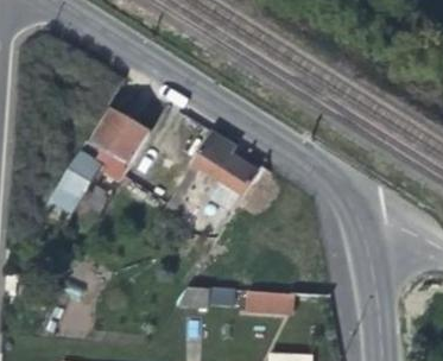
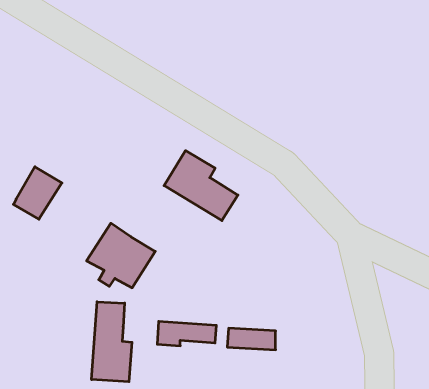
building: [87,113,147,170] -> [87,223,155,288]
building: none -> [92,302,132,382]

